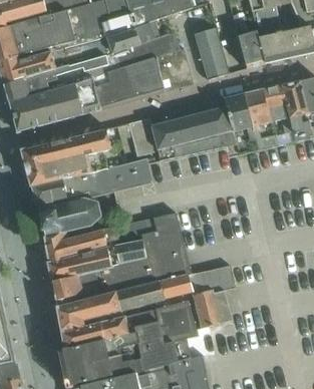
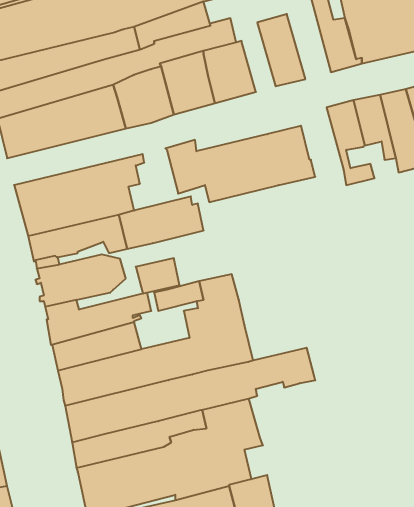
building: [222,94,254,140] -> none
building: [113,239,144,264] -> [136,258,180,294]
building: [192,289,231,327] -> none

